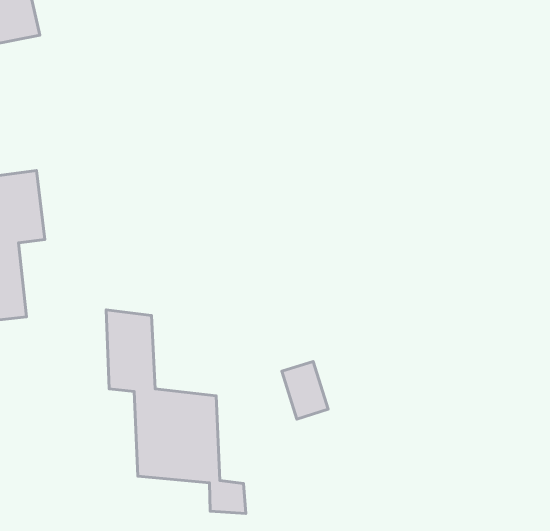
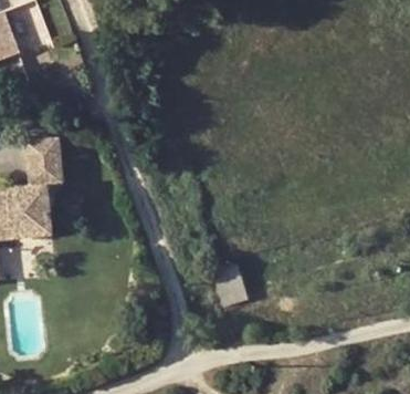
building: [106,310,246,513] -> none

